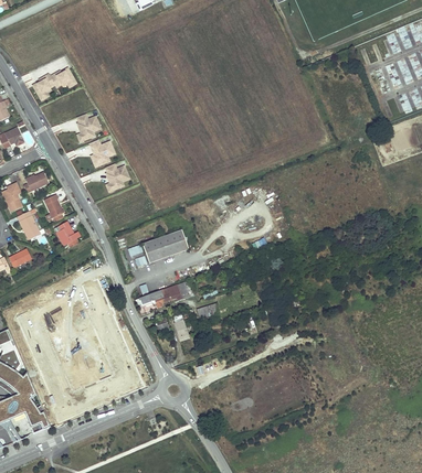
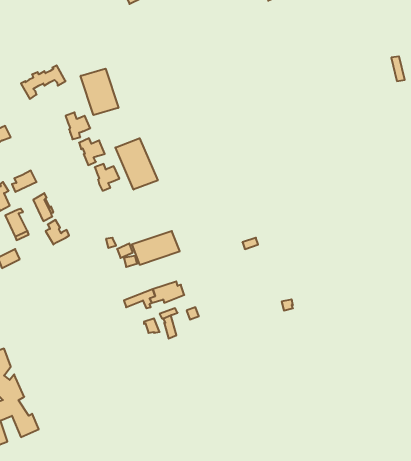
building: none -> [81,69,118,115]
building: none -> [115,138,158,190]

